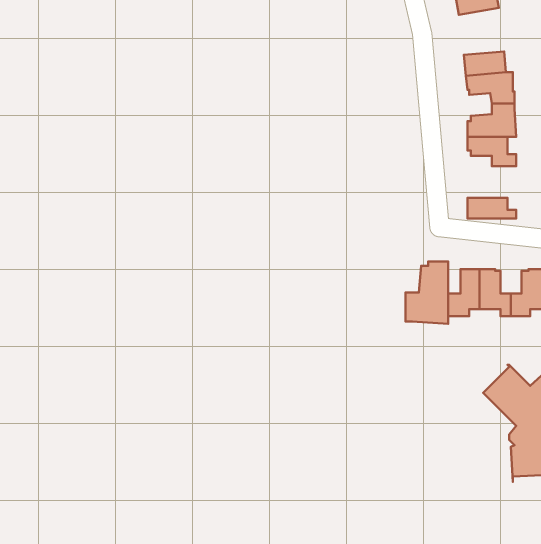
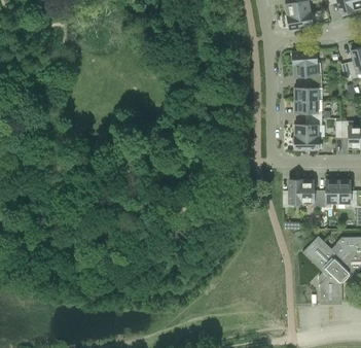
building: none -> [294,117,323,136]
building: [405,261,448,324] -> none

